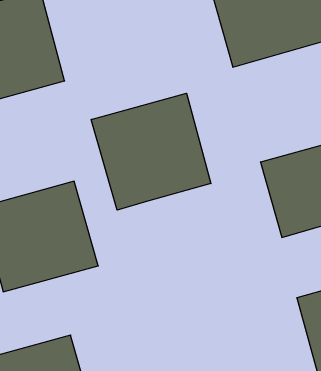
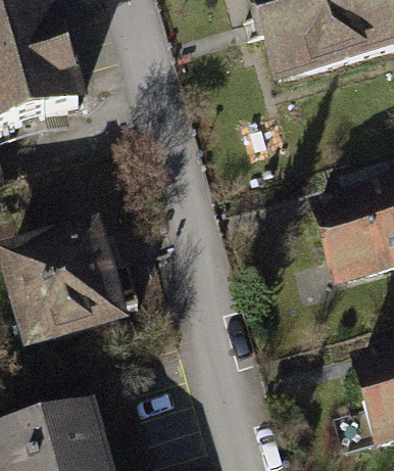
building: [91,93,211,210] -> none

